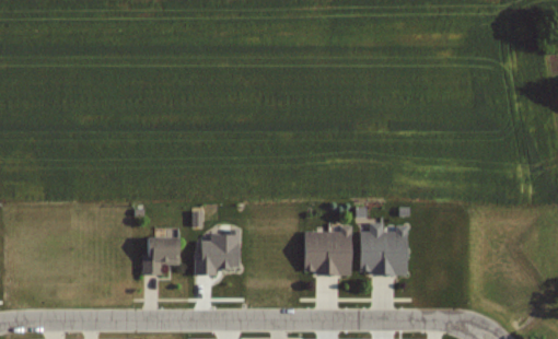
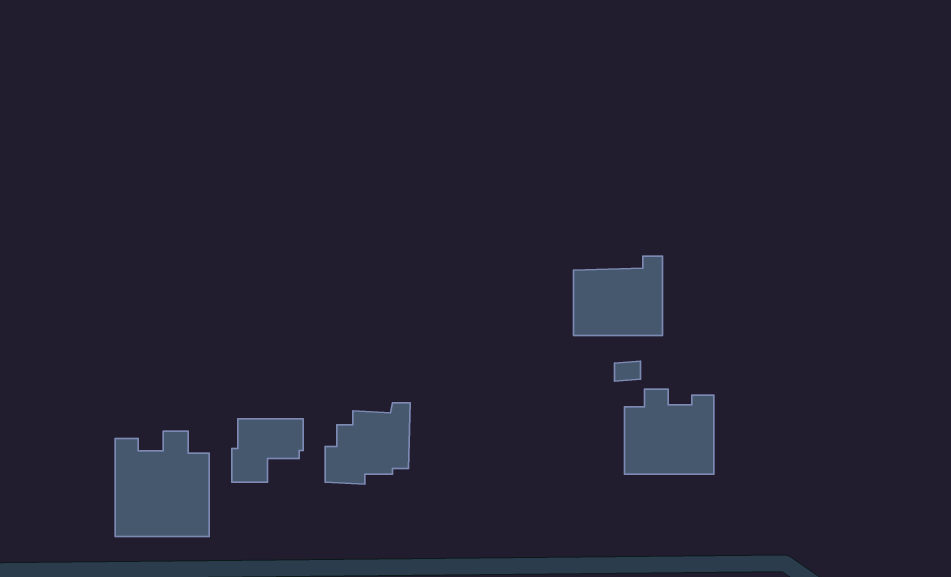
building: [303,226,352,270] -> [573,256,663,336]
building: none -> [115,431,209,537]

